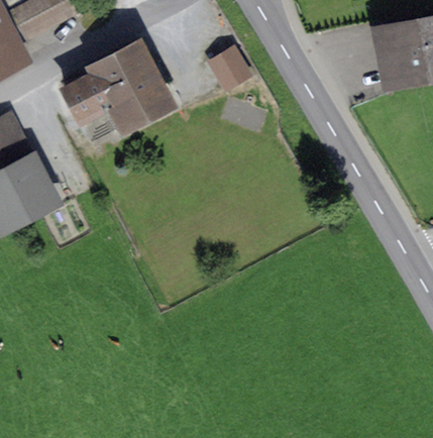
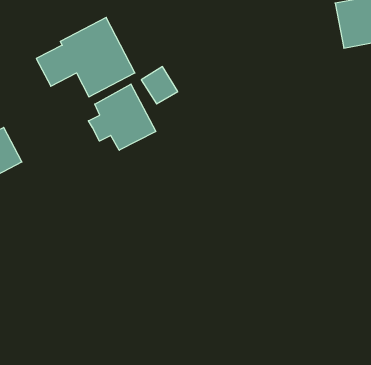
building: [211,51,249,91] -> [141,67,178,104]
building: none -> [88,84,156,150]

